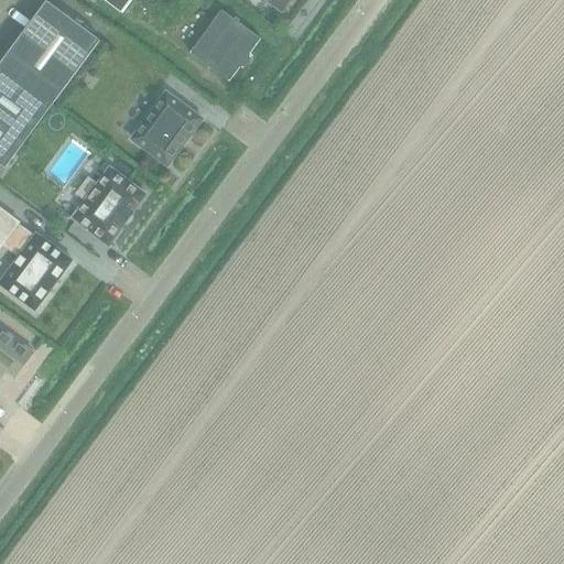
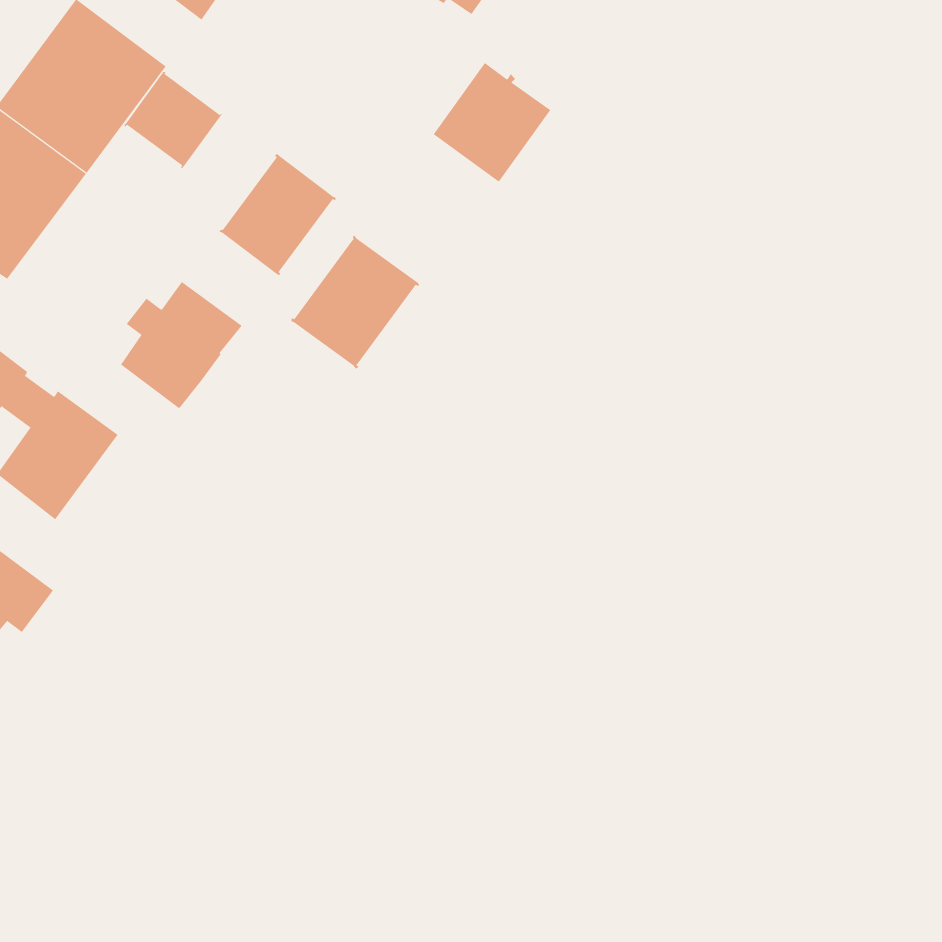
building: [188,9,259,80] -> [433,62,551,182]
building: none -> [123,71,223,169]
building: none -> [291,234,420,370]

